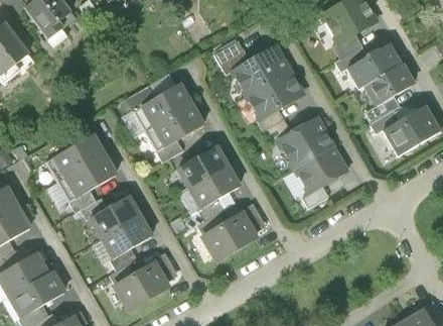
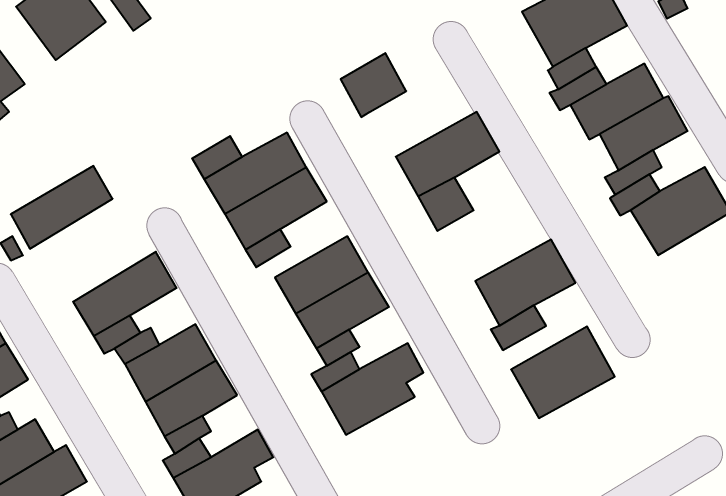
building: [231,43,293,97] -> none
building: [276,116,336,170] -> [511,326,615,418]
building: [46,133,106,182] -> [11,166,113,249]

